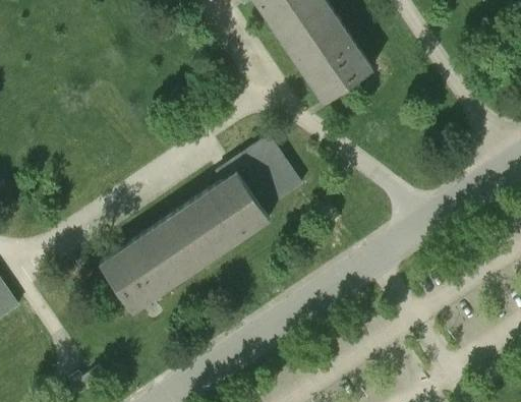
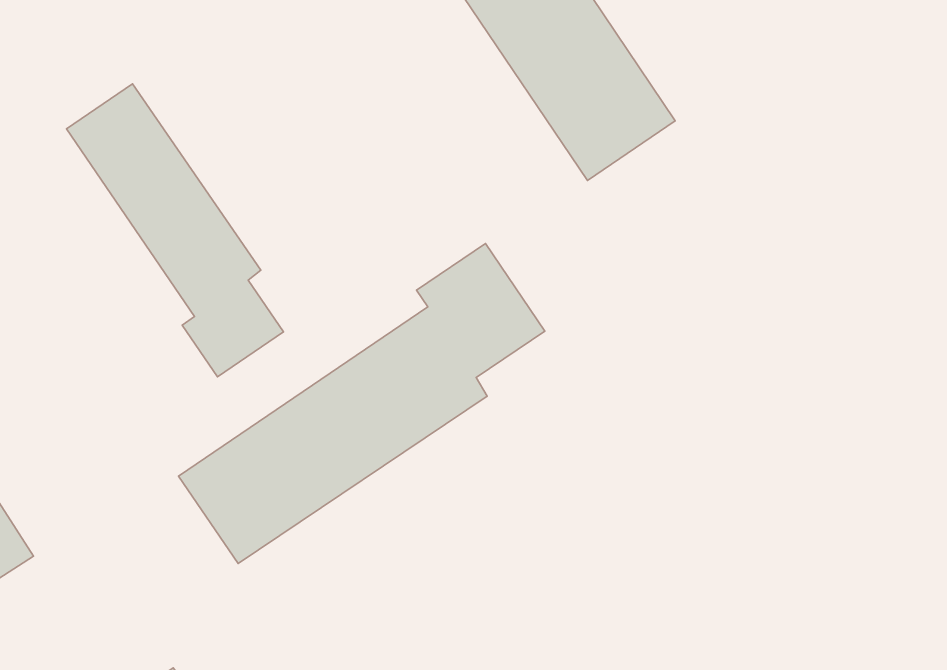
building: none -> [66,84,283,377]

